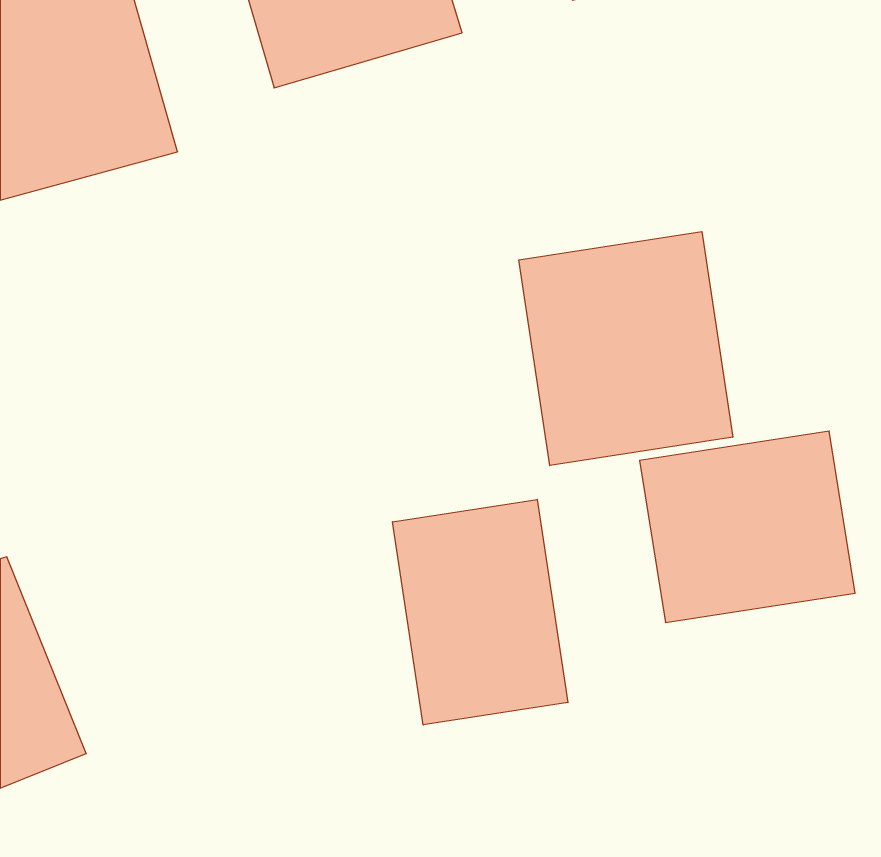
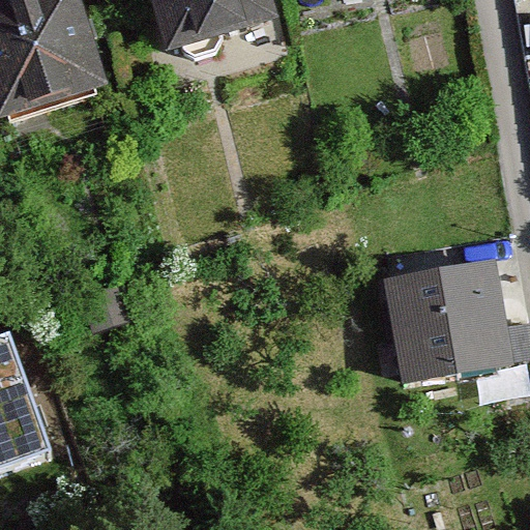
building: [519,232,733,466] -> none
building: [393,499,568,725] -> none

